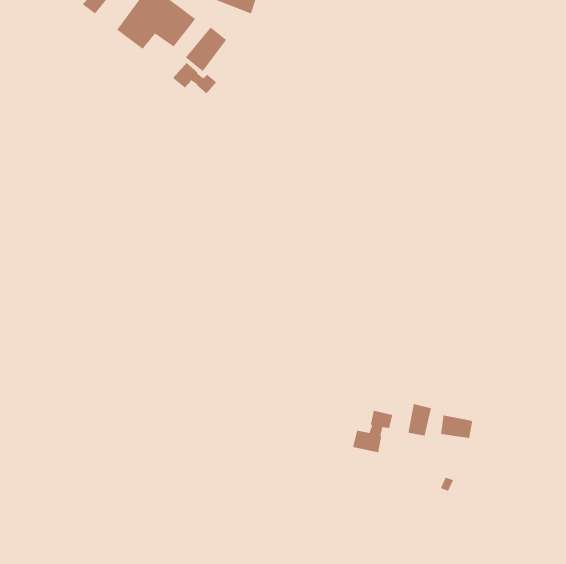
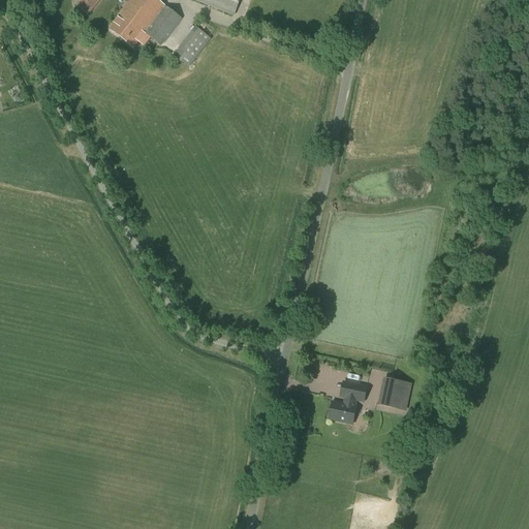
building: [172,62,217,95] -> none
building: [440,415,473,439] -> none

